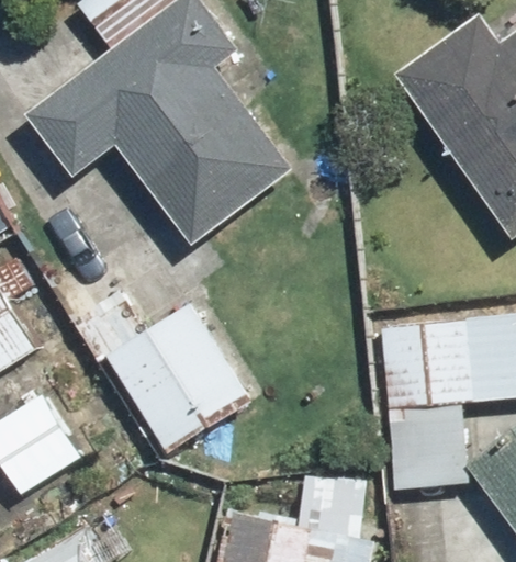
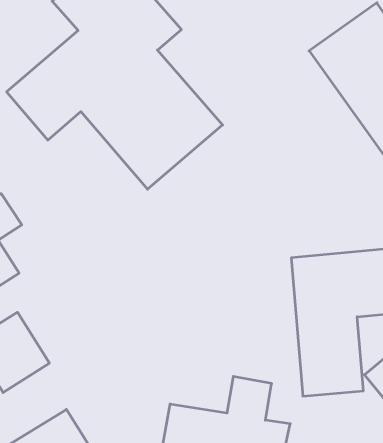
building: [47,247,254,456] -> none

